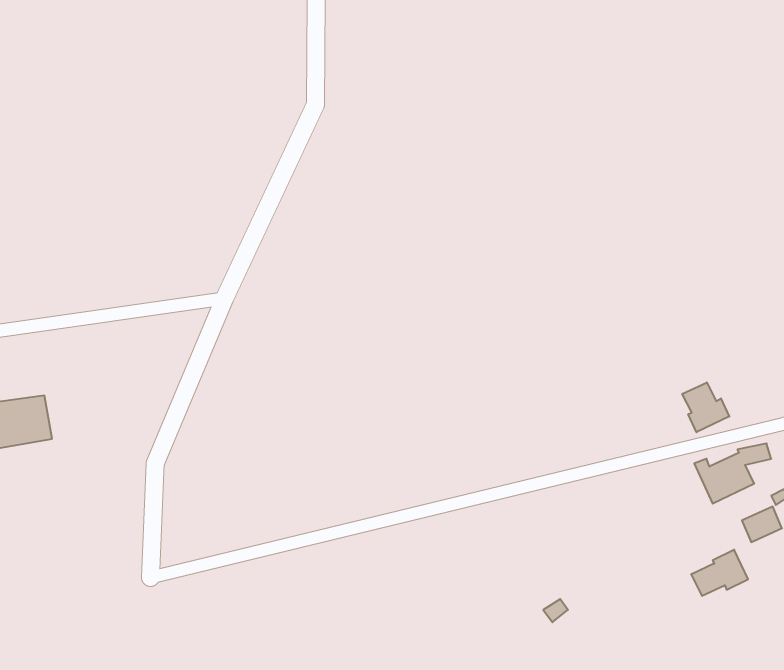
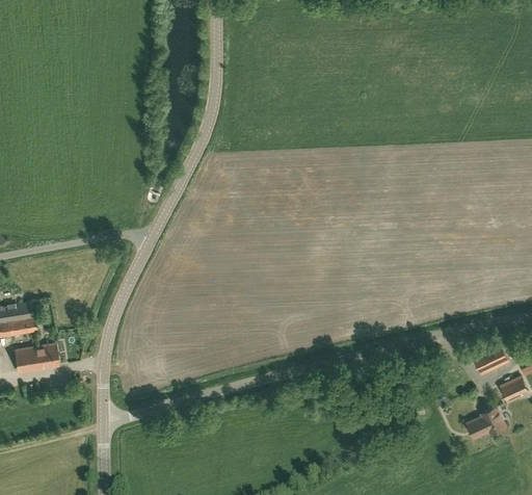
building: [682,382,729,432] -> none
building: none -> [14,343,58,373]

